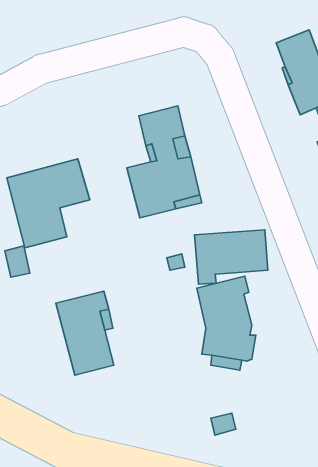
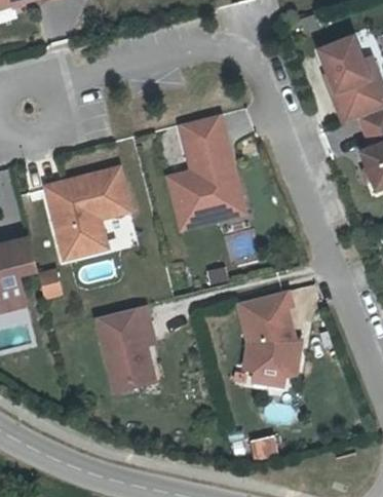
building: [194,230,268,284] -> none

